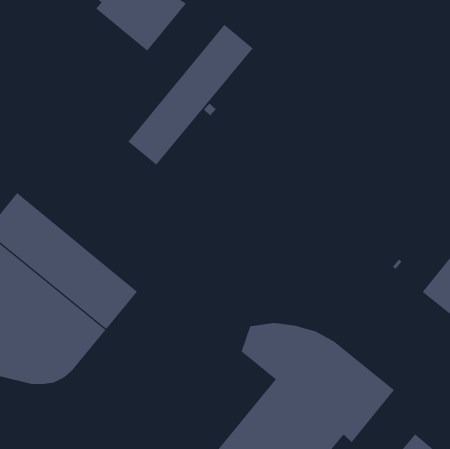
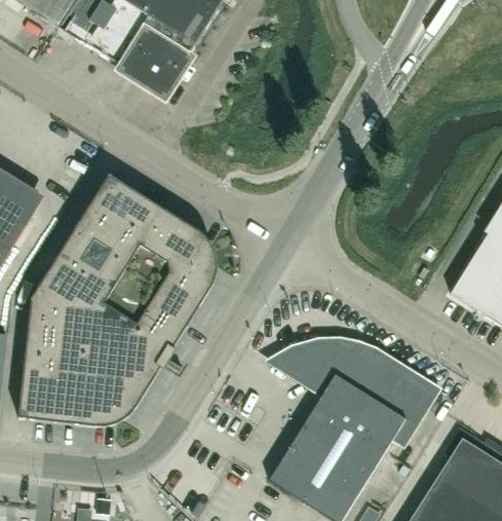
building: [127,24,254,166] -> none
building: none -> [62,174,217,327]

